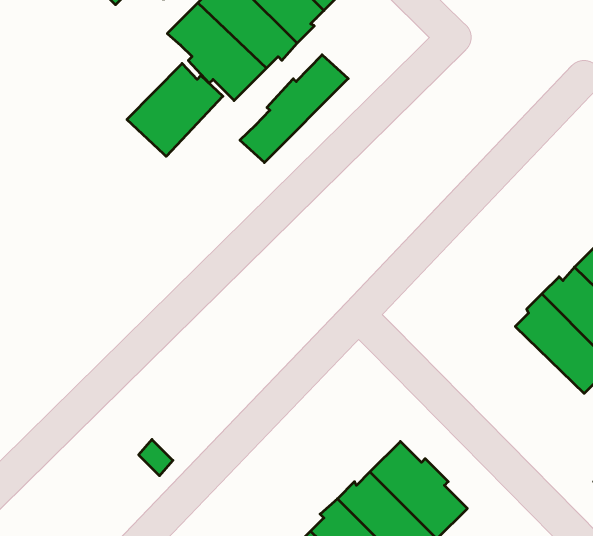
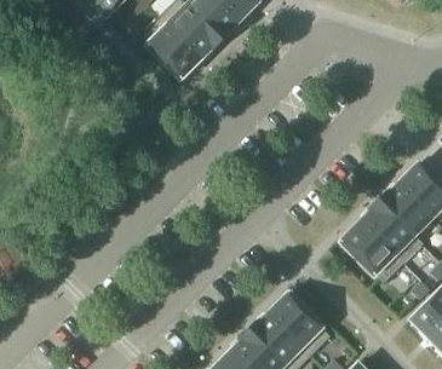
building: [240,55,348,163] -> none
building: [127,63,223,156] -> none
building: none -> [341,220,403,282]

